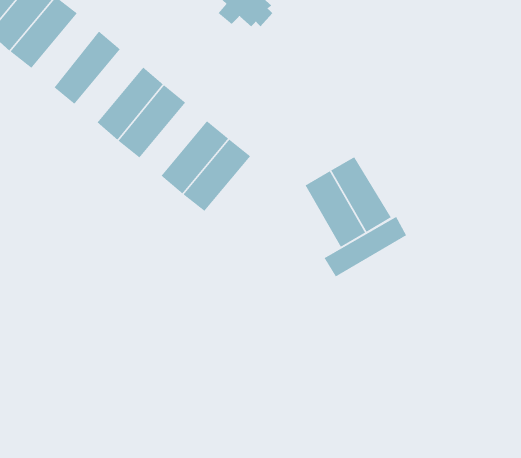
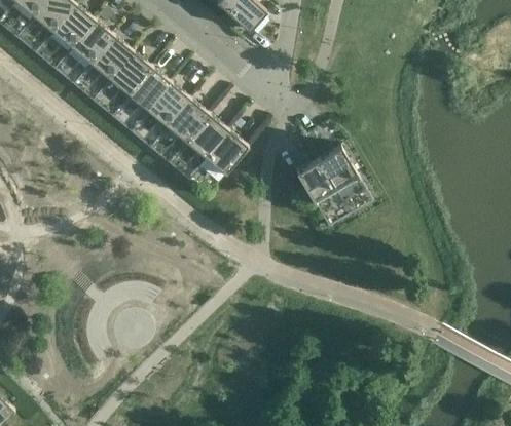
building: none -> [53,16,113,82]
building: none -> [92,48,152,113]
building: none -> [149,95,209,160]
building: [323,216,407,277] -> none

